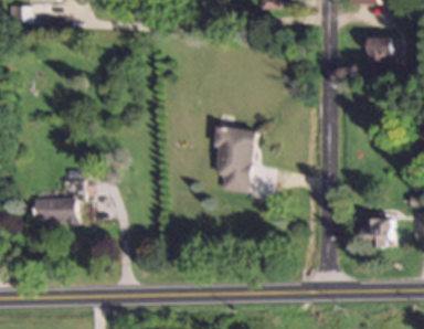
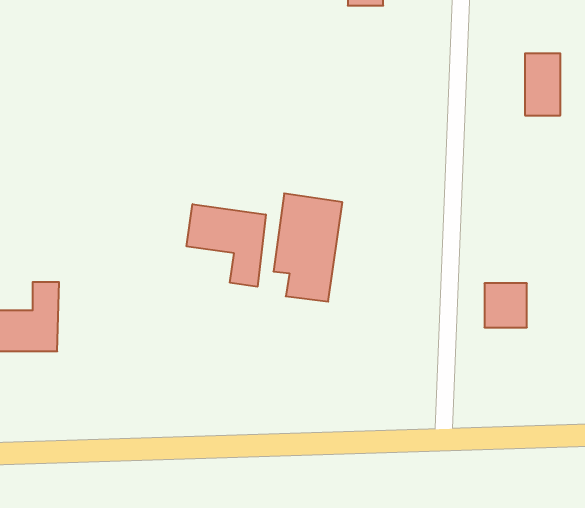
building: none -> [187,204,266,287]
building: [365,219,392,246] -> [484,283,527,327]

